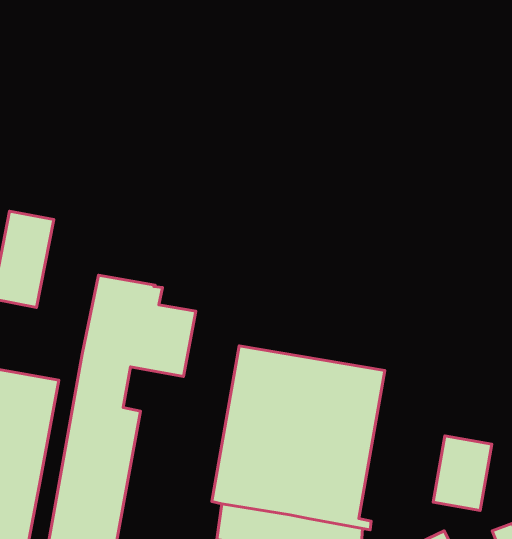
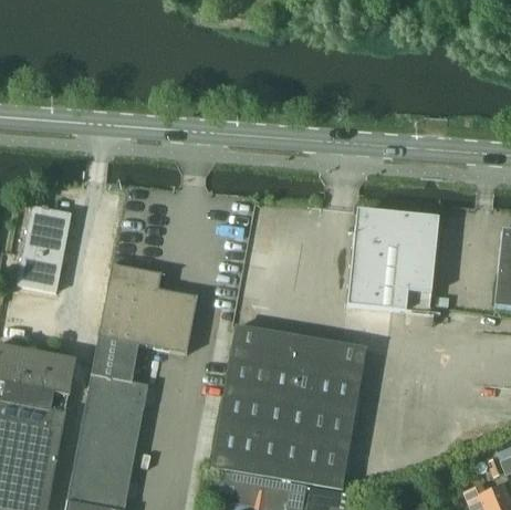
building: none -> [346,209,438,313]
building: [433,436,492,511] -> none

